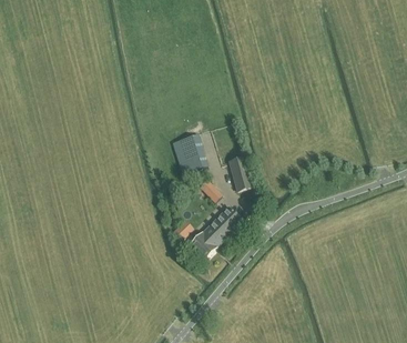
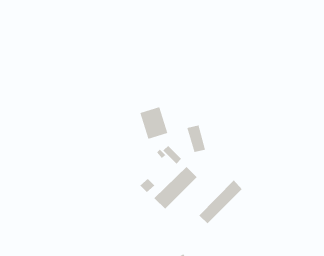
building: none -> [199,179,243,224]

